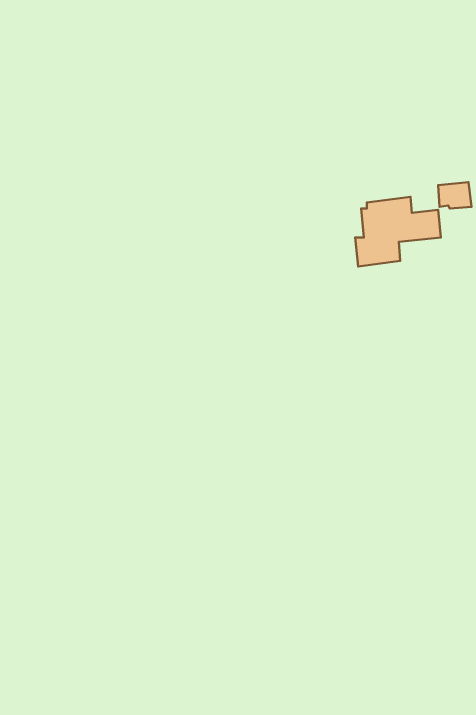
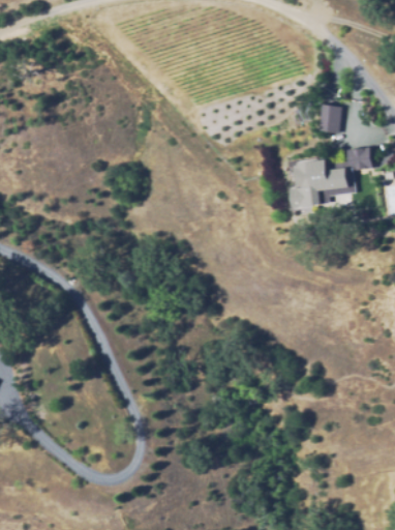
building: none -> [320,107,342,136]

